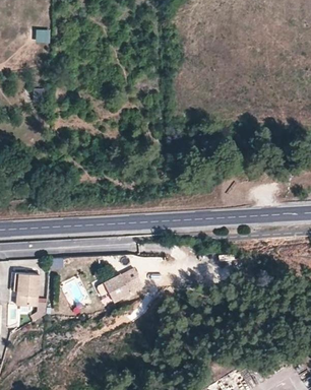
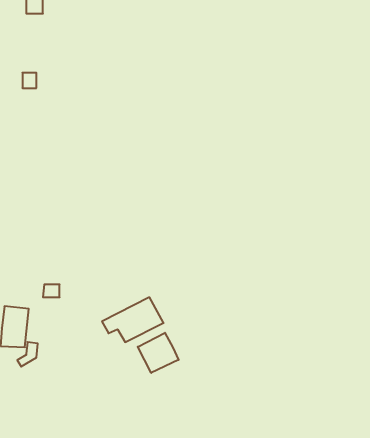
building: none -> [138,333,179,373]

